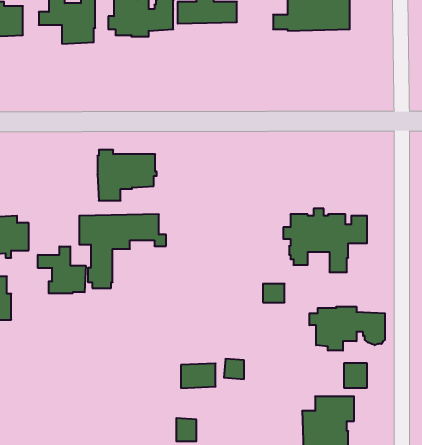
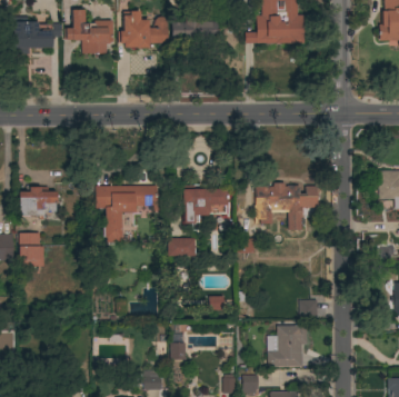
building: [97,150,157,201] -> [183,186,229,225]
building: [38,246,86,293] -> none
building: [309,307,385,351] -> none
building: [181,363,216,388] -> [169,238,196,257]

